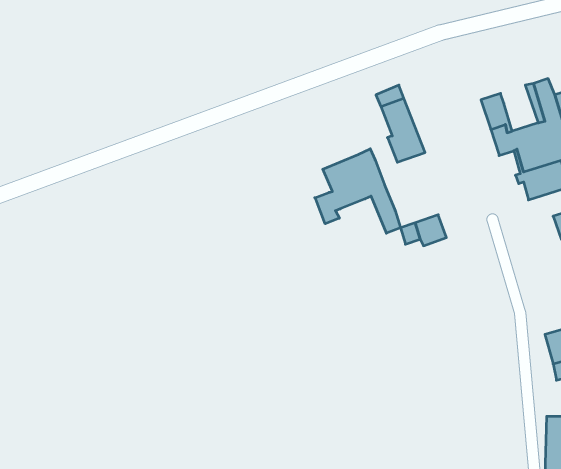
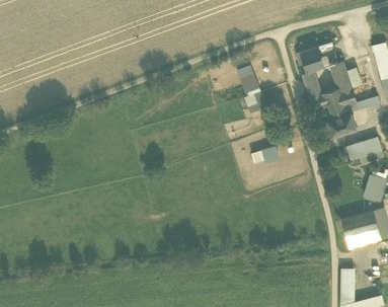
building: none -> [295,47,322,74]
building: [315,149,401,233] -> none

